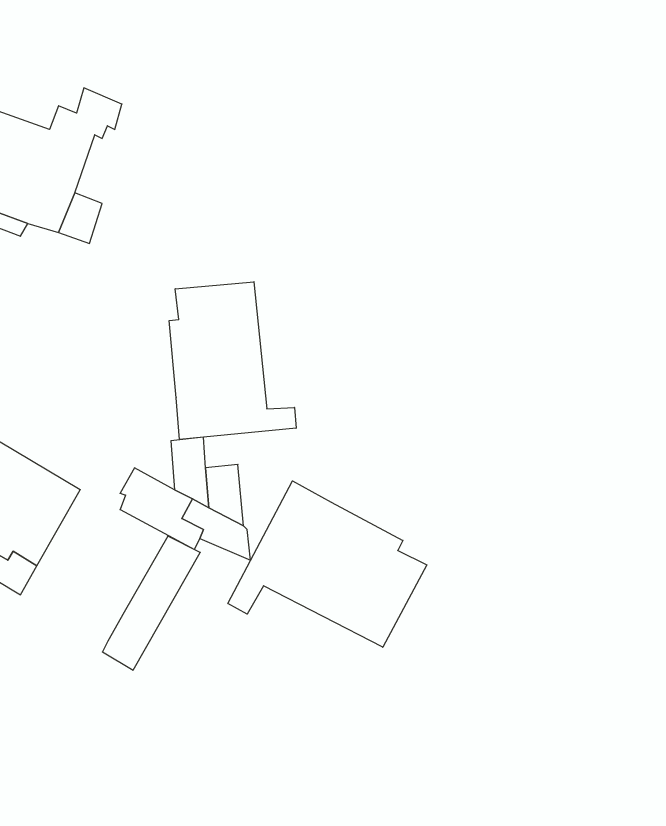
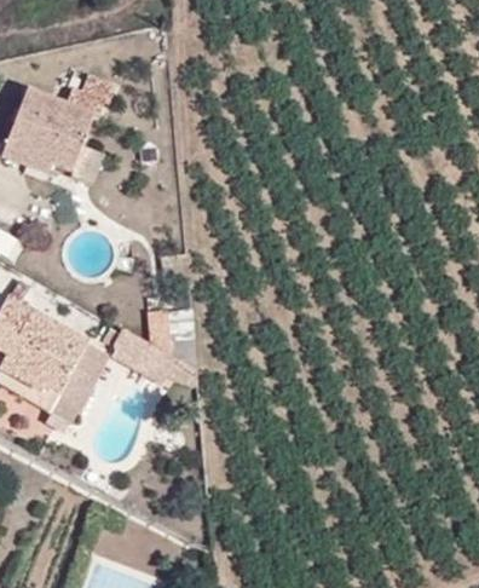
building: [169,282,296,439] -> none
building: [228,481,427,647] -> none
building: [102,536,200,670] -> [42,341,108,431]

